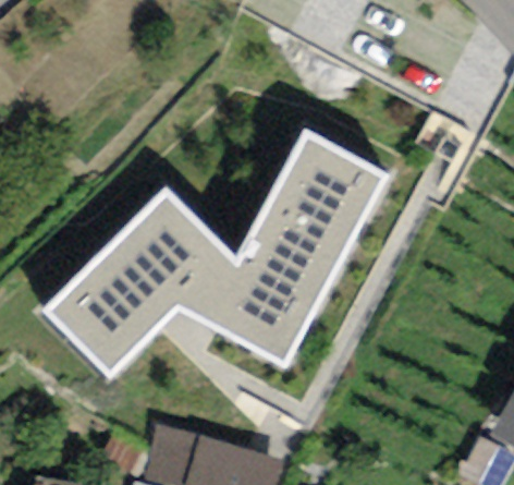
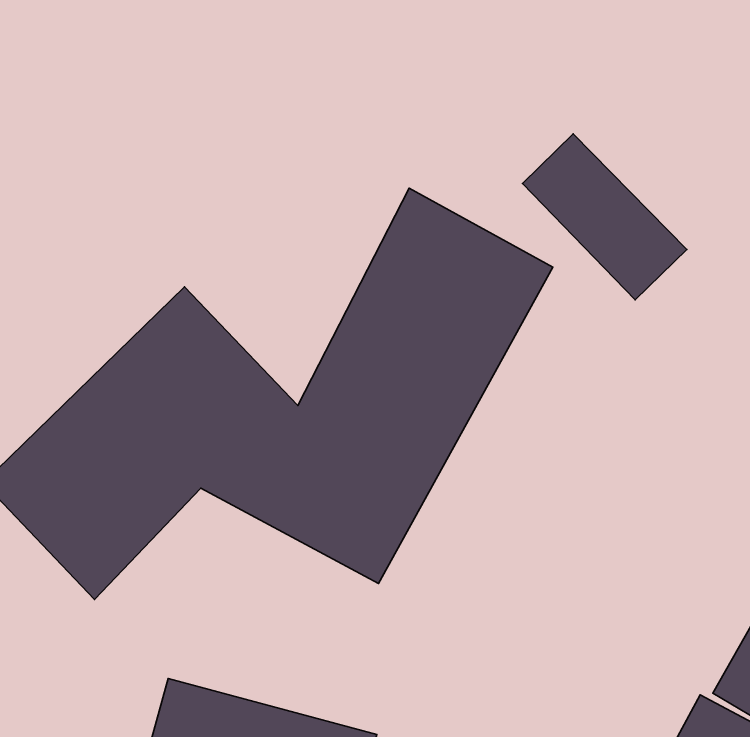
building: none -> [523,134,687,300]

